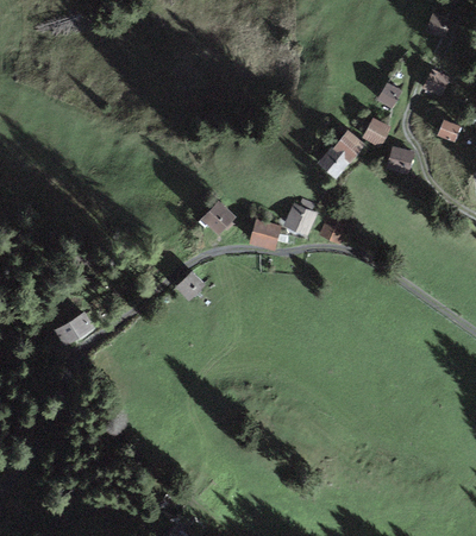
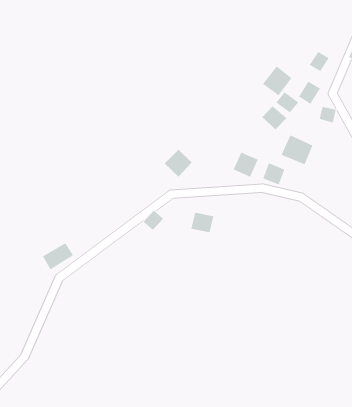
building: none -> [262,66,292,96]
building: none -> [281,135,313,165]
building: [250,220,278,245] -> [190,212,214,233]

